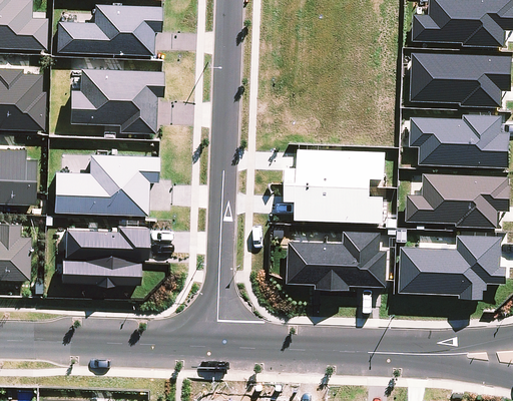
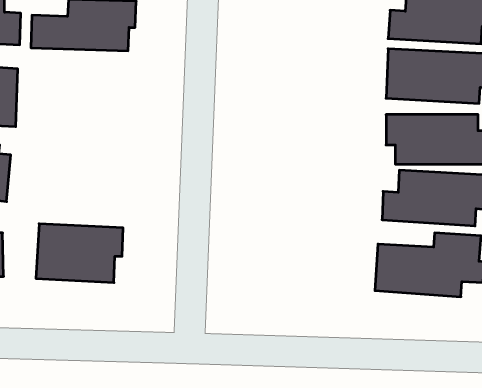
building: [69,68,163,132] -> none
building: [285,150,385,224] -> none
building: [54,153,158,215] -> none
building: [287,233,388,290] -> none

